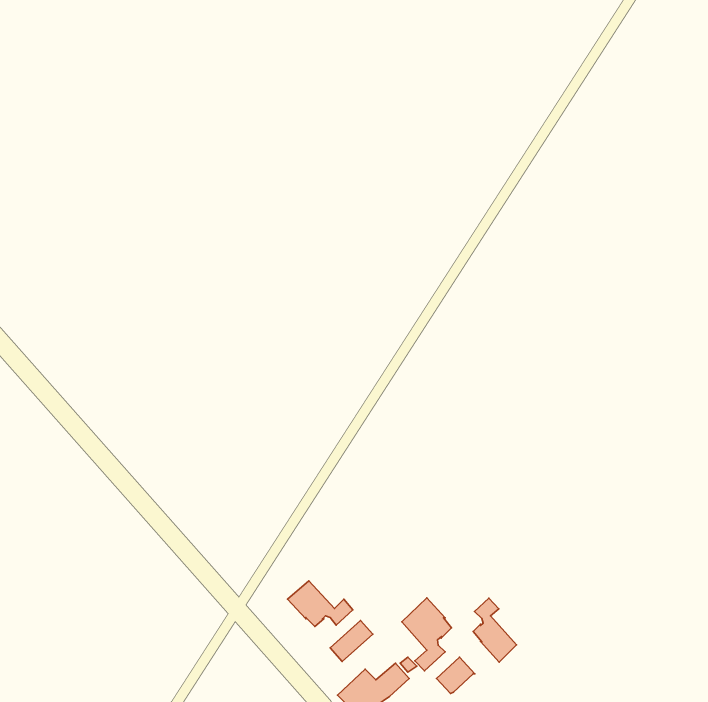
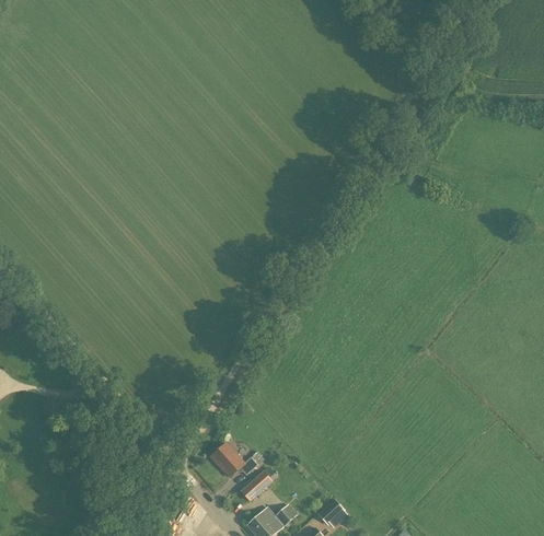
building: [402,598,452,671] -> none
building: [473,598,516,662] -> none

